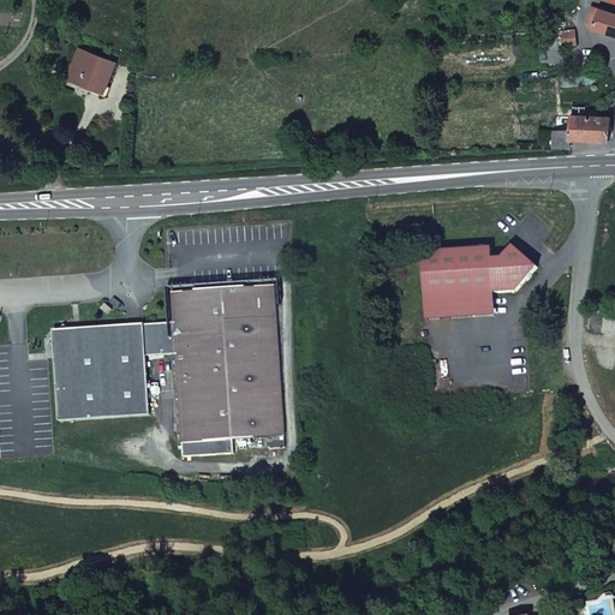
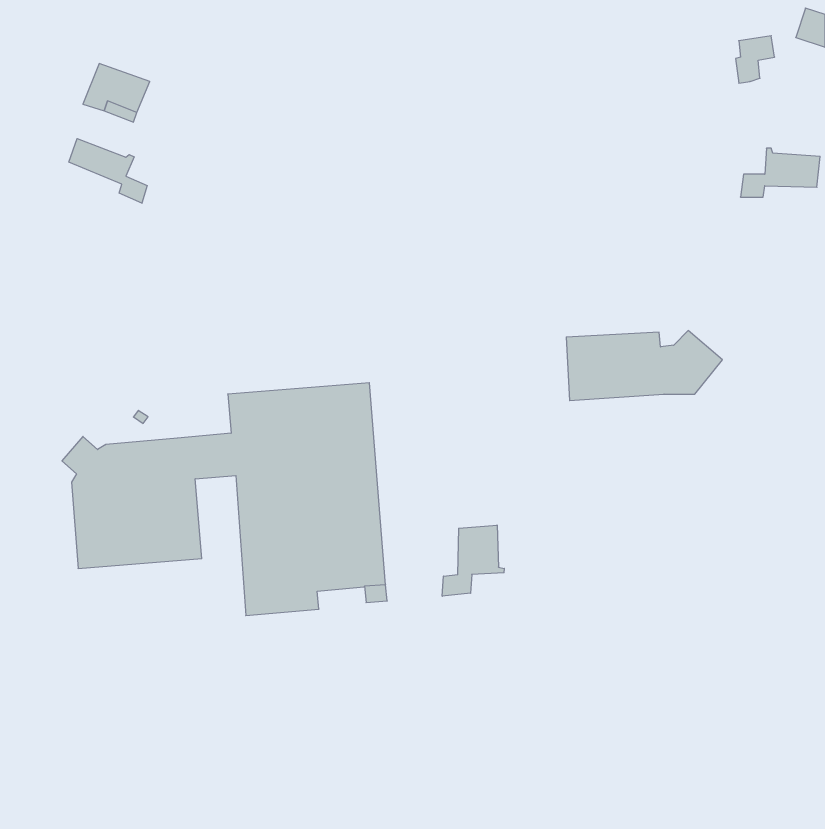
building: none -> [69,139,147,203]
building: [420,291,491,317] -> none
building: none -> [442,525,504,596]

